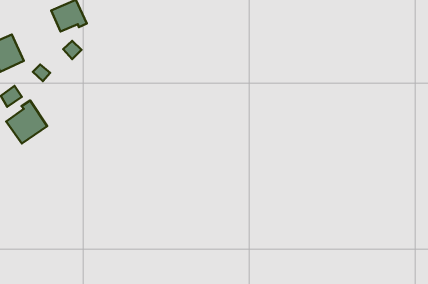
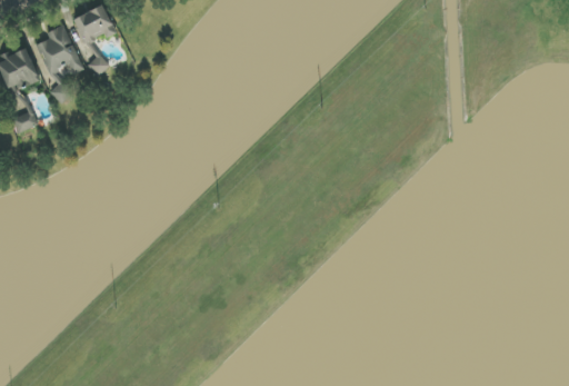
building: none -> [36,24,83,75]
building: [6,100,47,144] -> none

